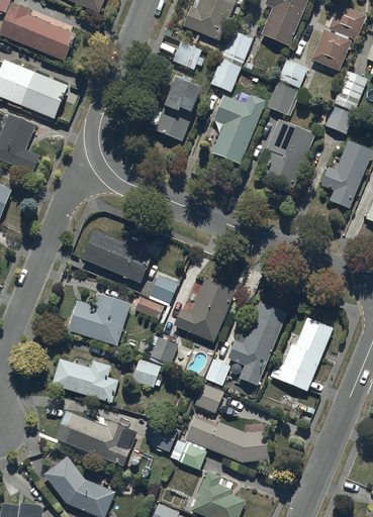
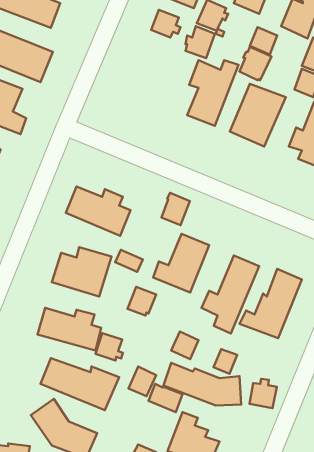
building: [154,75,200,141] -> none
building: [149,272,179,306] -> [162,193,190,225]
building: [131,358,161,388] -> [95,333,123,361]
building: [204,358,229,385] -> [214,349,237,374]
building: none -> [250,379,277,408]

